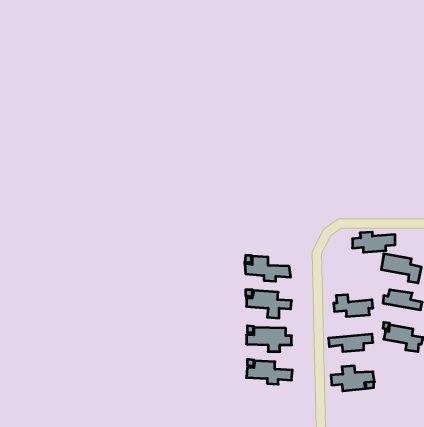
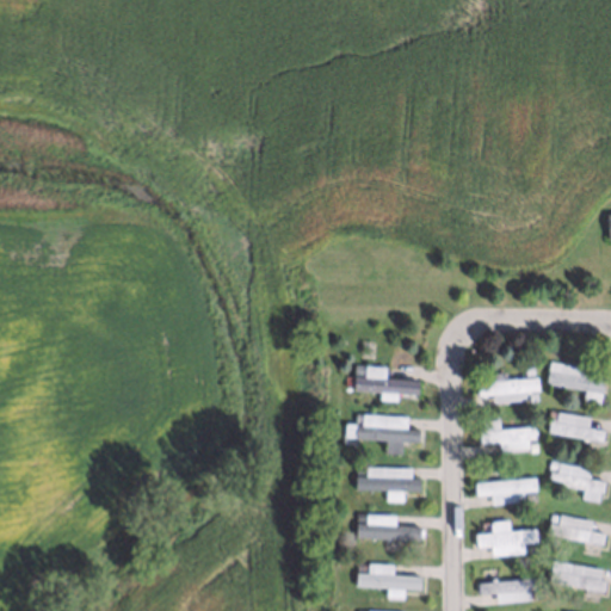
building: [352,232,395,252] -> [480,375,541,403]
building: none -> [550,517,605,545]
building: none -> [551,555,605,585]
building: none -> [359,557,424,593]
building: none -> [479,573,535,597]

